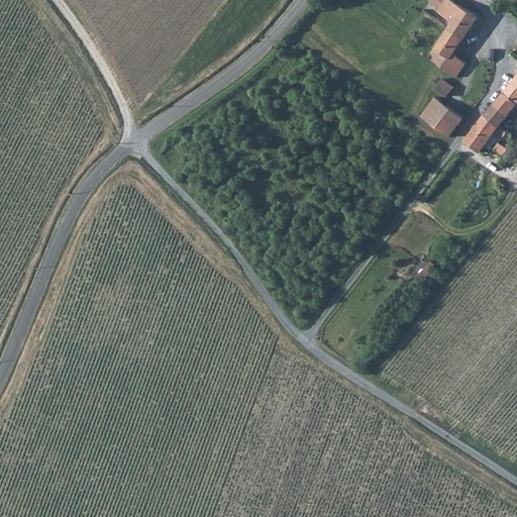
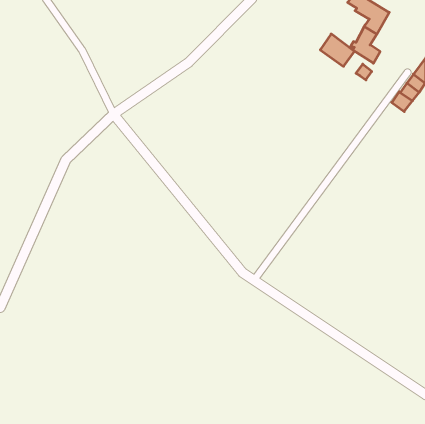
building: [421,96,462,135] -> [320,34,354,66]
building: [464,124,491,150] -> none

